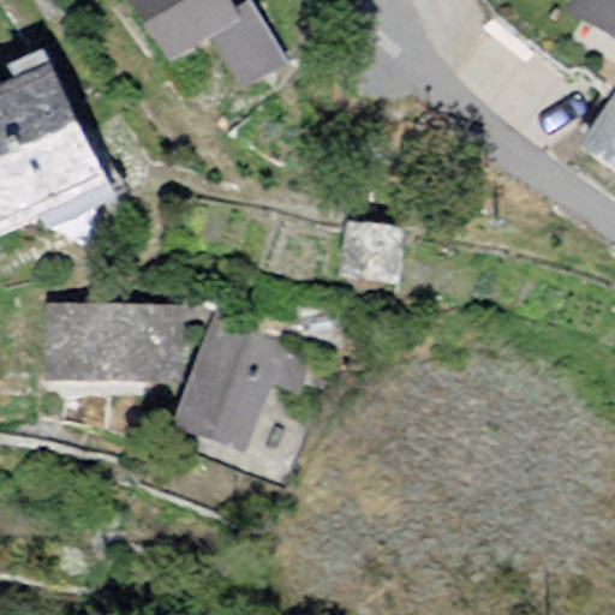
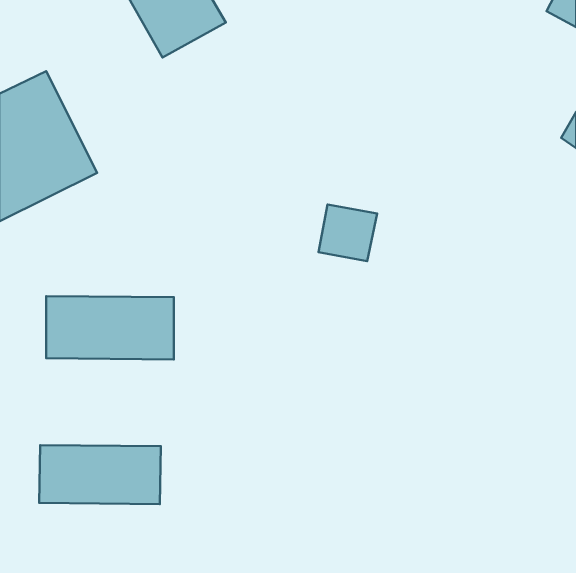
building: [191,321,286,447] -> none
building: none -> [39,445,161,504]

